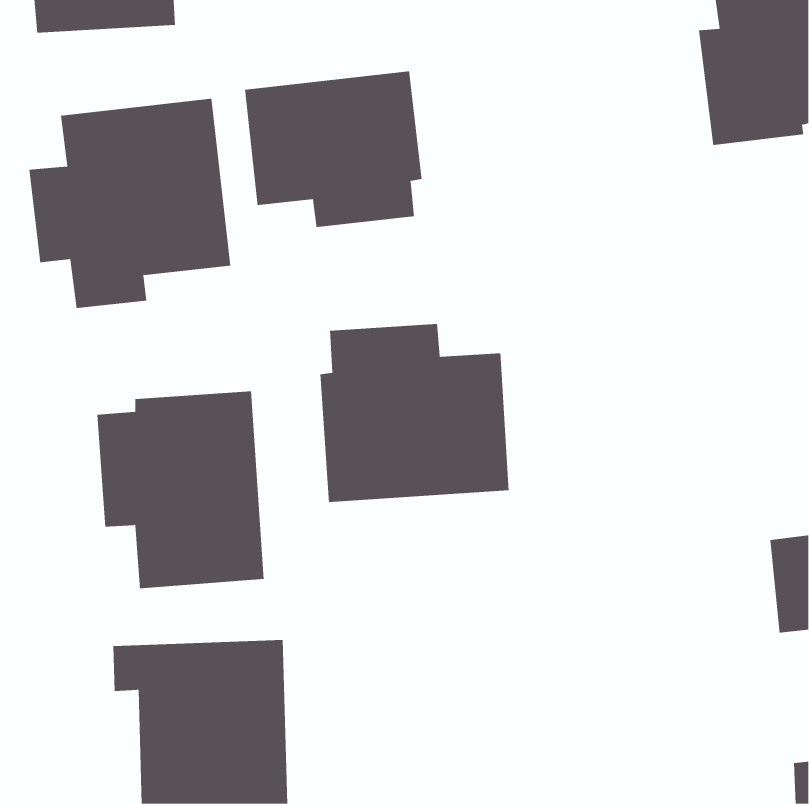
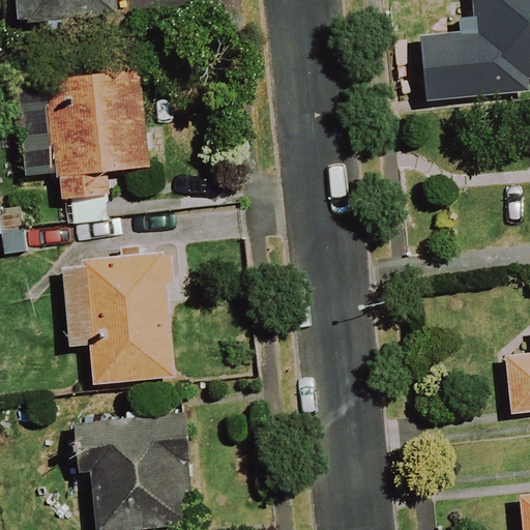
building: [245,70,422,228] -> none
building: [320,323,509,503] -> none

